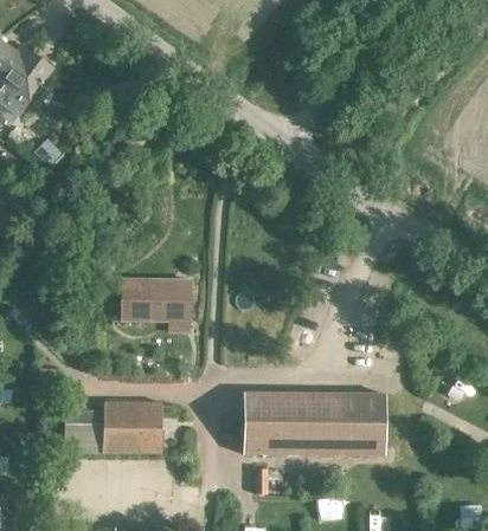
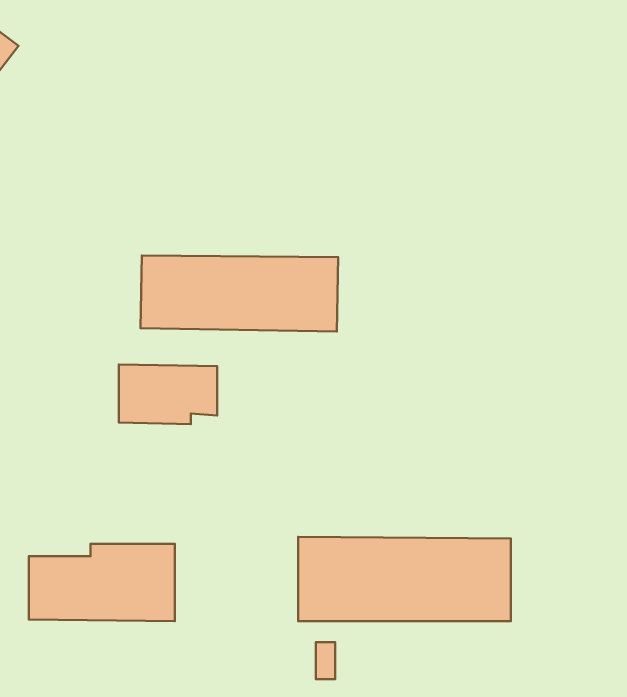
building: none -> [140,255,338,332]

